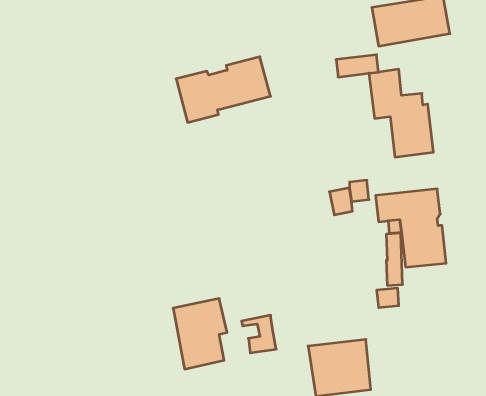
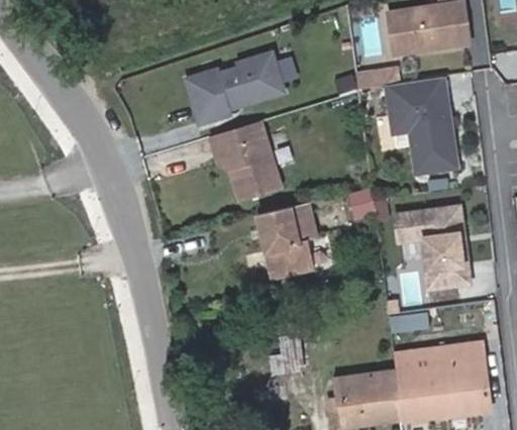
building: none -> [422,76,452,116]
building: none -> [210,134,280,213]
building: [173,299,227,369] -> [250,217,307,291]
building: none -> [386,337,486,414]

